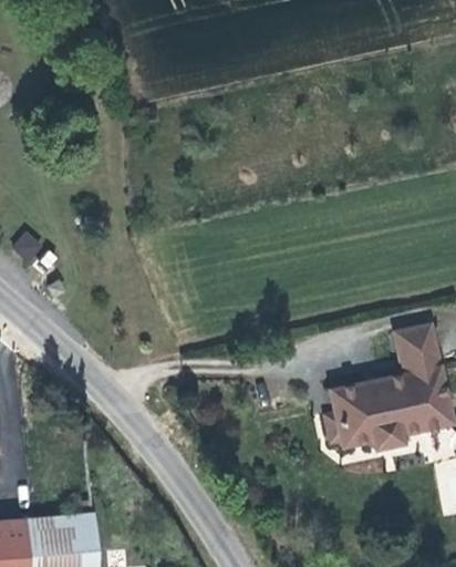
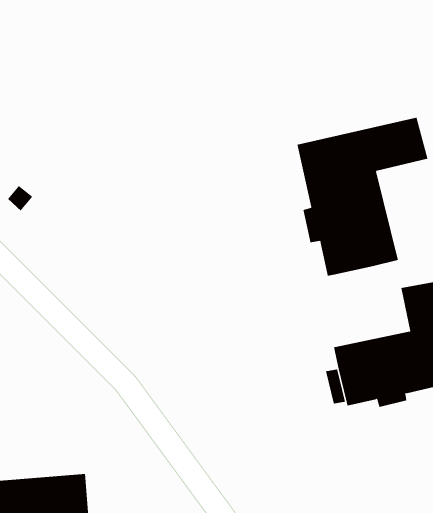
building: none -> [297,117,428,277]

